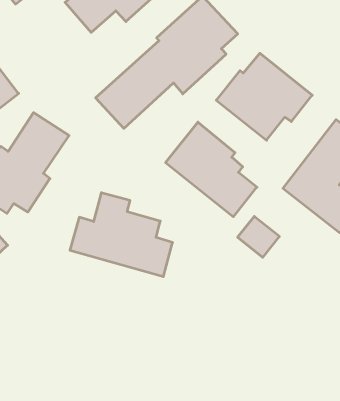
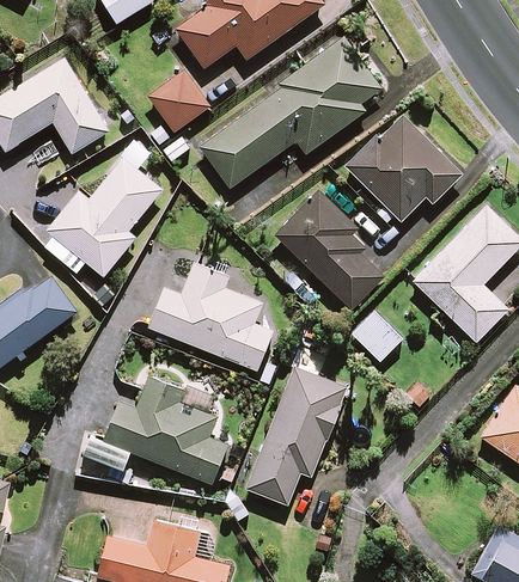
building: none -> [149,72,210,131]
building: none -> [246,367,347,504]
building: none -> [84,375,230,483]

